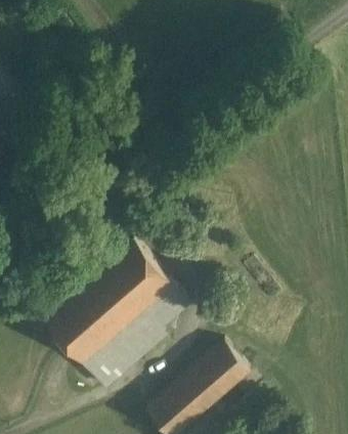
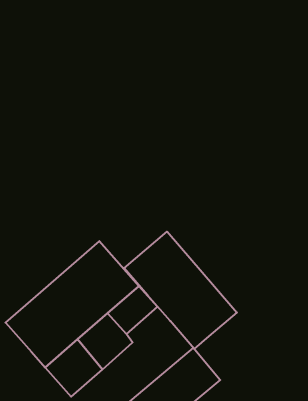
building: none -> [124,232,237,349]

